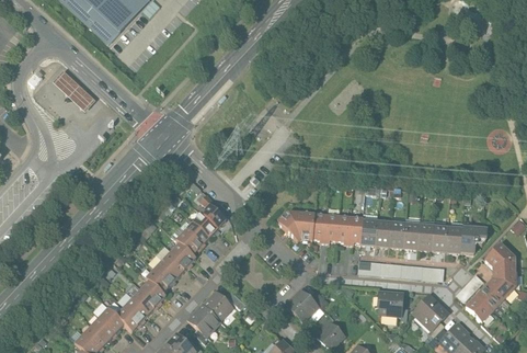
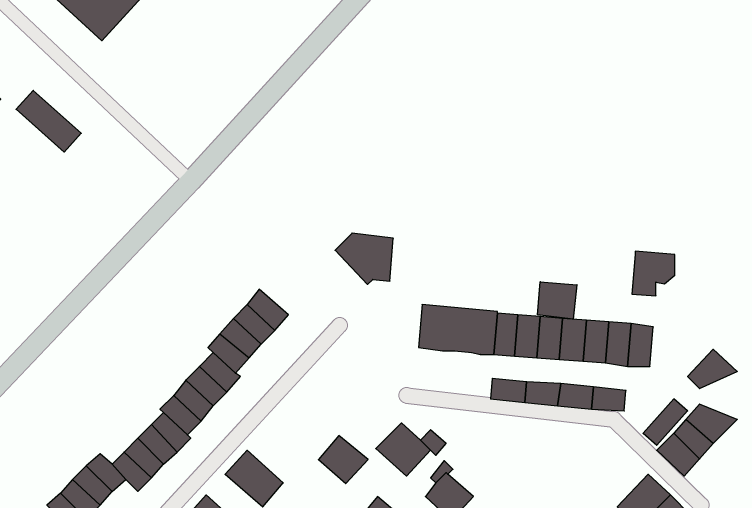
building: none -> [538,282,577,319]
building: [276,208,313,241] -> [335,233,393,284]
building: [459,224,486,252] -> [632,251,675,296]
building: [491,254,515,285] -> none
building: [376,288,403,316] -> none
building: [202,289,233,320] -> [318,436,368,484]
building: [411,292,449,330] -> none

